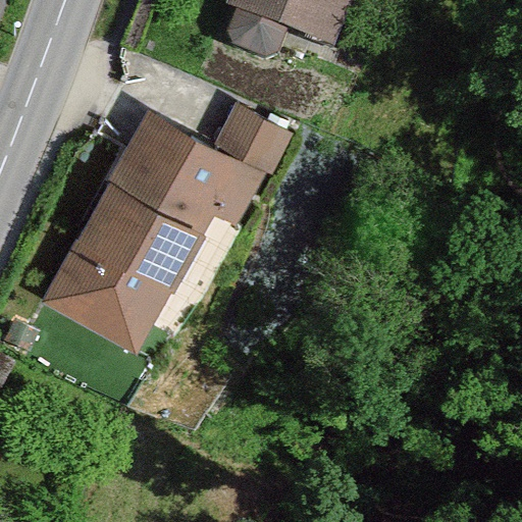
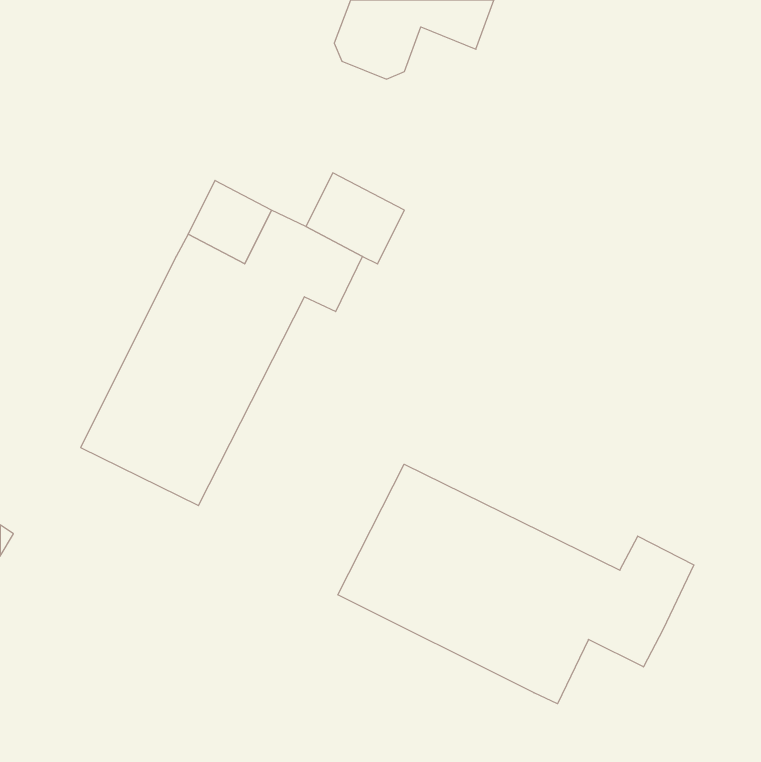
building: none -> [338,464,694,704]

